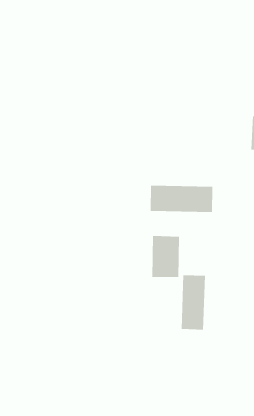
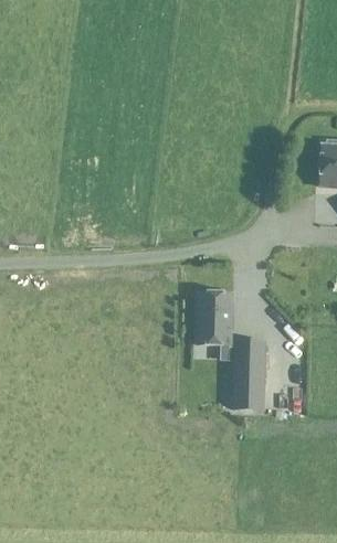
building: [150,185,213,213] -> none

